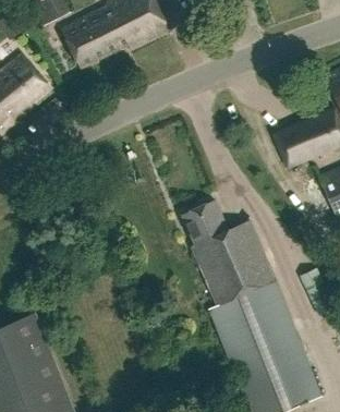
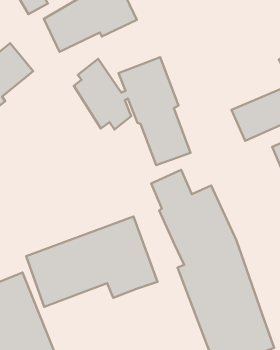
building: none -> [74,57,190,165]
building: none -> [26,216,158,307]

